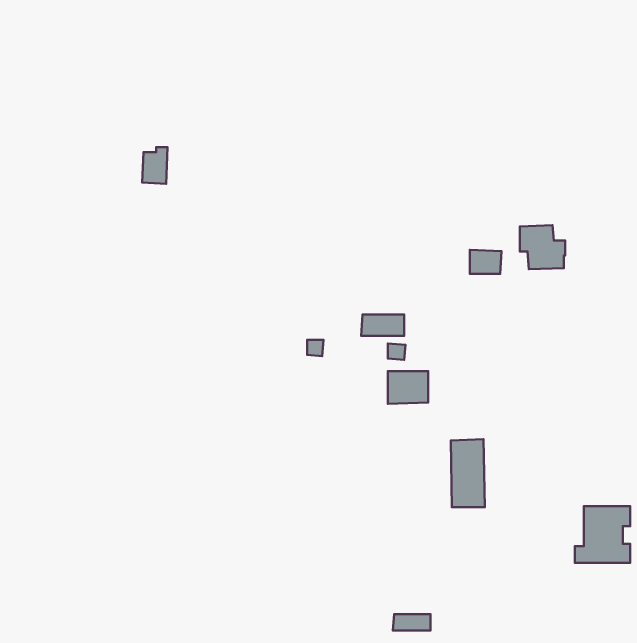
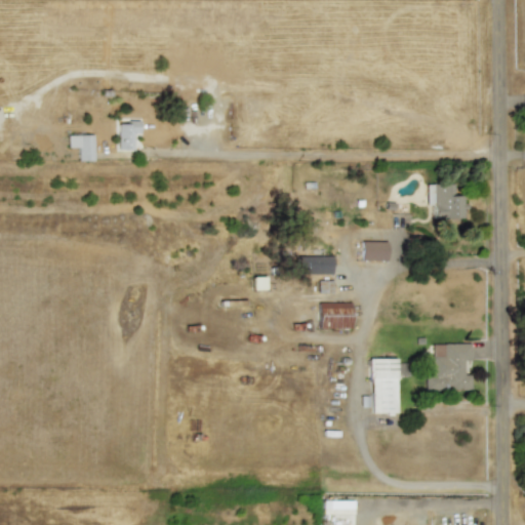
building: none -> [71,135,96,161]
building: [470,250,501,274] -> [364,241,390,260]
building: [575,506,630,563] -> [428,344,473,390]

